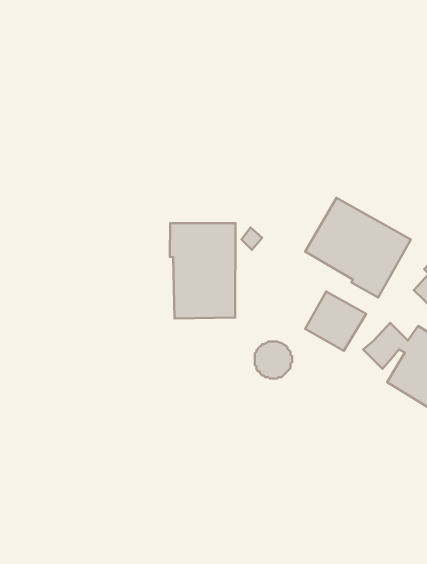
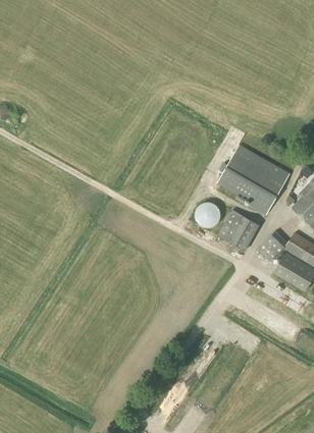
building: [170,223,235,318] -> none
building: [255,341,292,379] -> [195,202,220,227]

